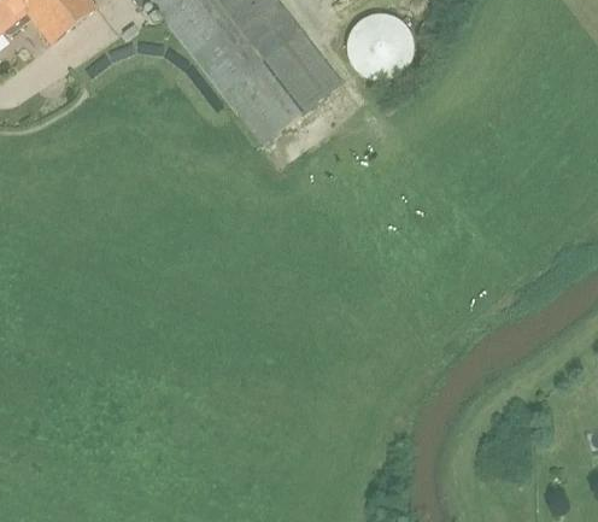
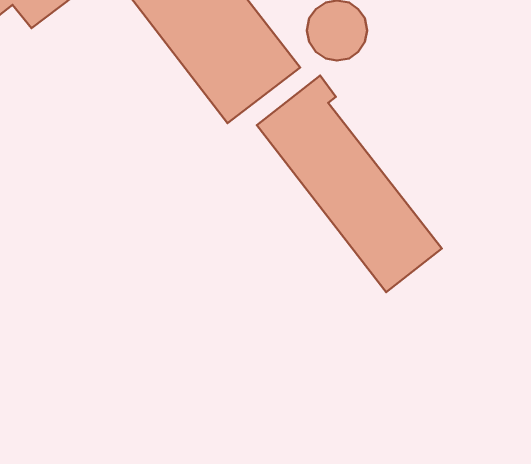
building: none -> [257,75,442,292]

